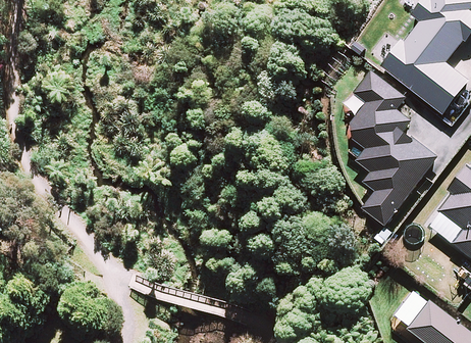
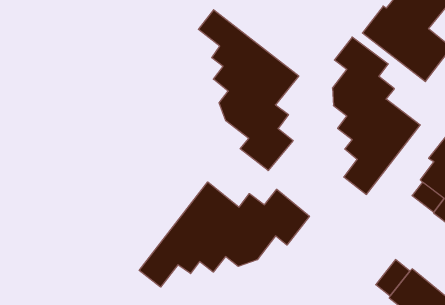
building: none -> [198,10,299,171]
building: none -> [139,182,309,287]

